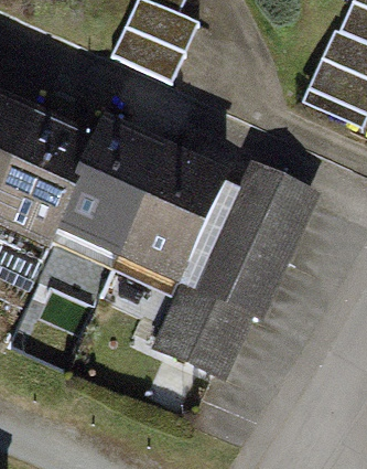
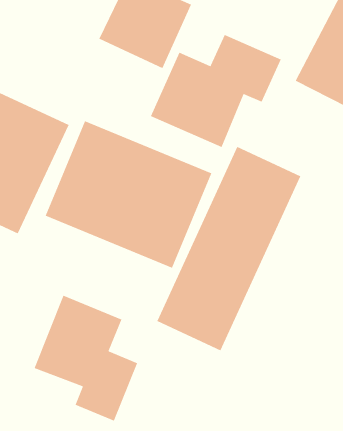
building: none -> [150,34,281,148]
building: none -> [34,295,138,421]

